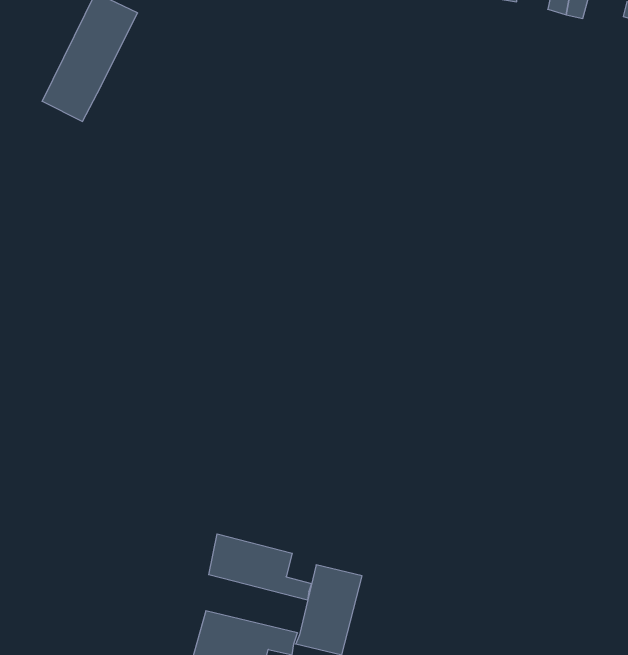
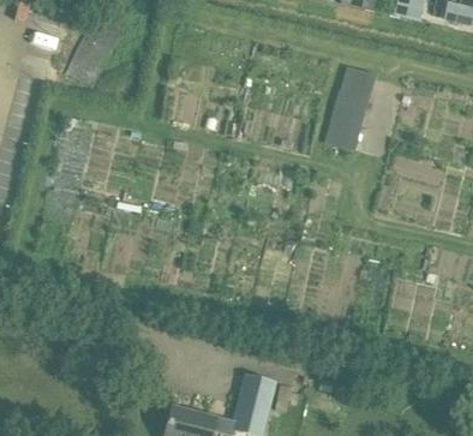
building: none -> [325,65,375,149]
building: [209,534,312,600] -> none

